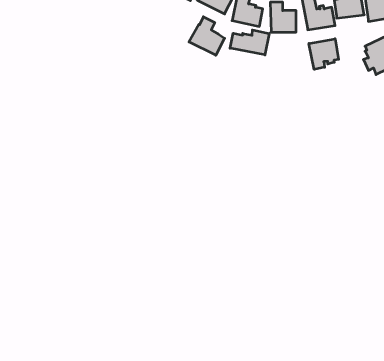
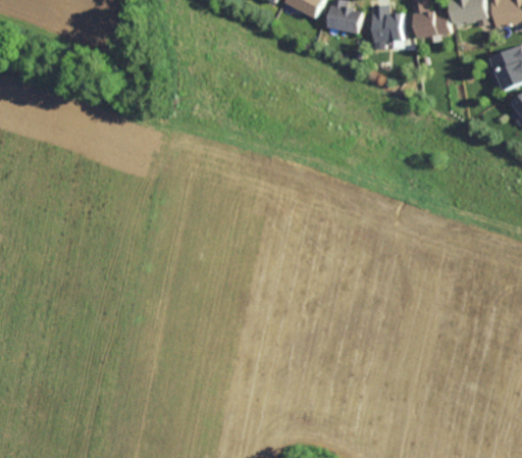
building: [189,17,225,55] -> none
building: [230,30,269,55] -> none
building: [309,39,339,69] -> none

